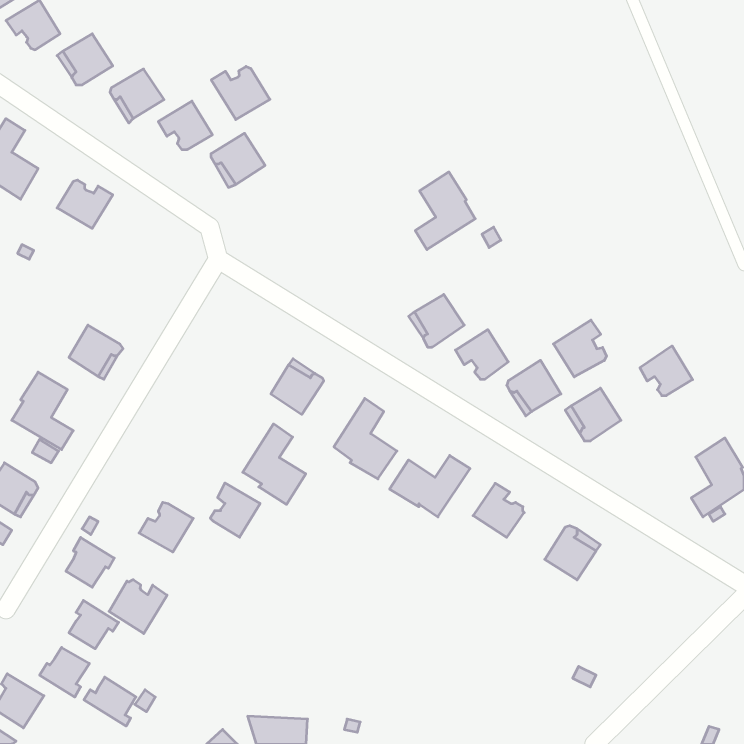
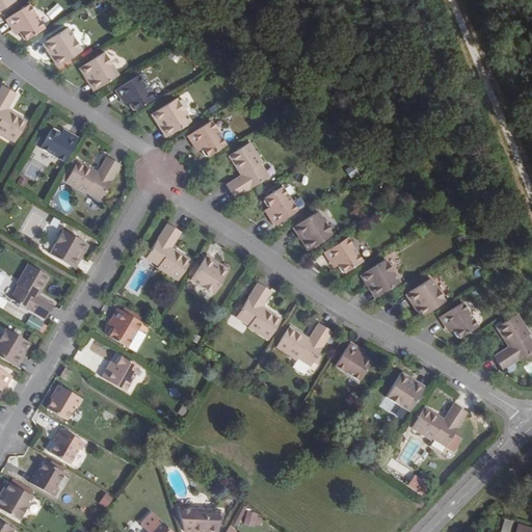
building: [211,66,270,120] -> none
building: none -> [185,117,223,153]
building: [415,172,475,250] -> [223,140,266,195]
building: none -> [66,156,123,198]
building: none -> [262,183,296,222]
building: [553,320,607,377] -> none
building: [640,346,693,396] -> [437,299,475,335]
building: [243,424,306,504] -> [147,223,191,281]
building: [210,483,260,537] -> [107,308,142,346]
building: none -> [408,404,468,447]
building: [109,580,167,634] -> none
building: [84,677,136,726] -> none

